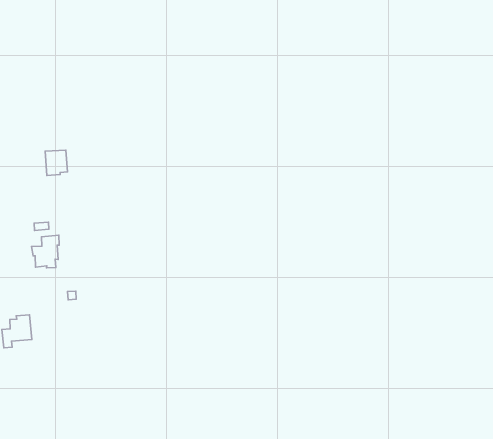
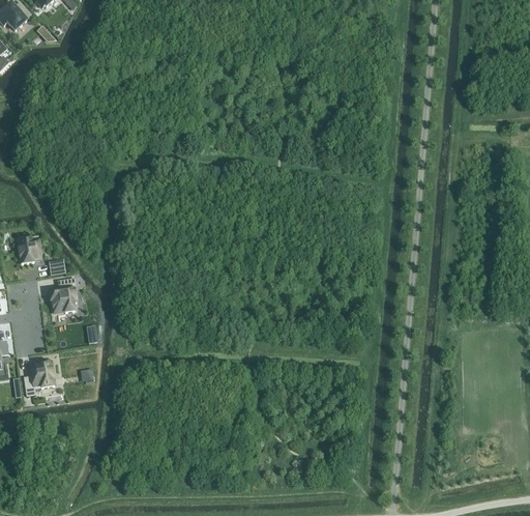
building: [45,150,67,176] -> [17,236,40,263]

